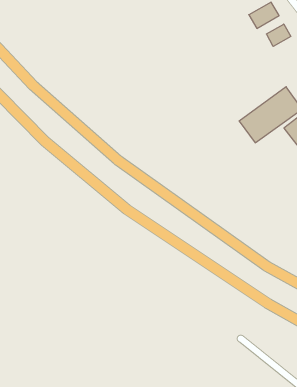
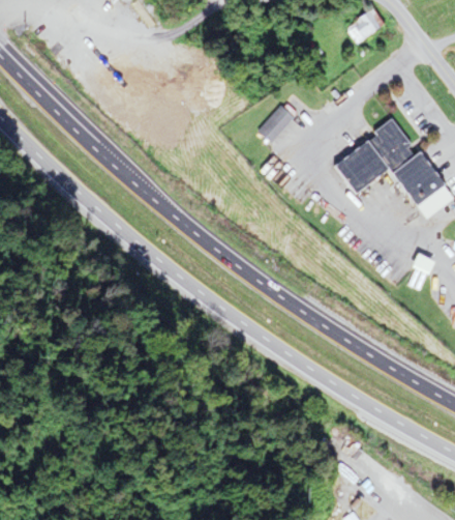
building: [266,24,291,46] -> none
building: none -> [260,105,296,142]

